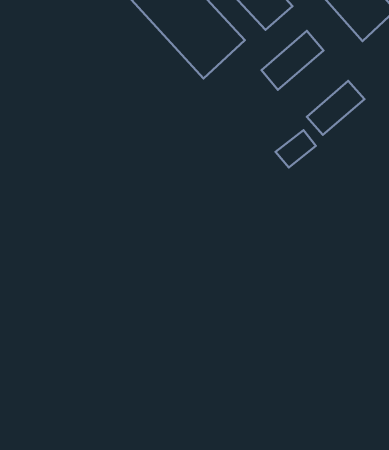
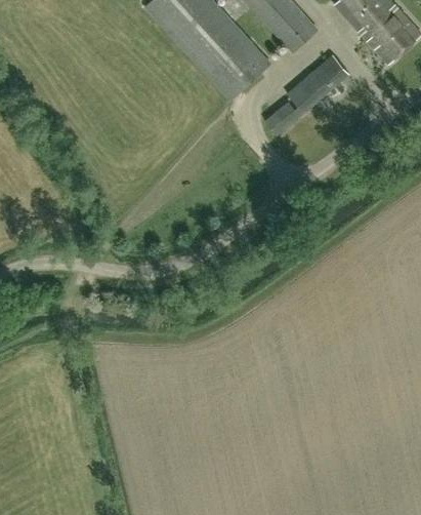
building: [307,81,364,135] -> none
building: [275,130,316,167] -> [263,98,303,135]

